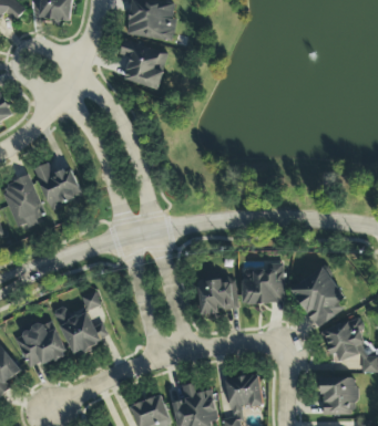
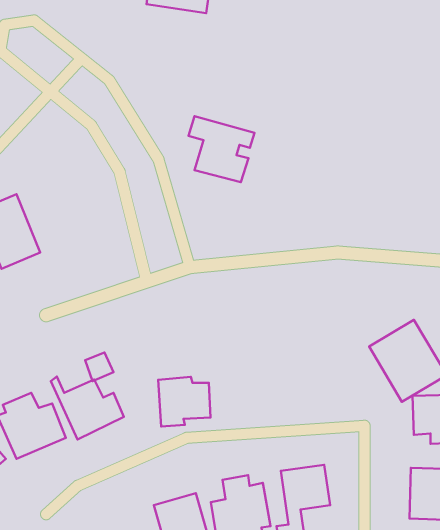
building: [119,39,167,87] -> [189,116,254,182]
building: [32,160,82,208] -> none
building: [242,262,283,302] -> none
building: [197,277,236,313] -> [158,377,210,426]

